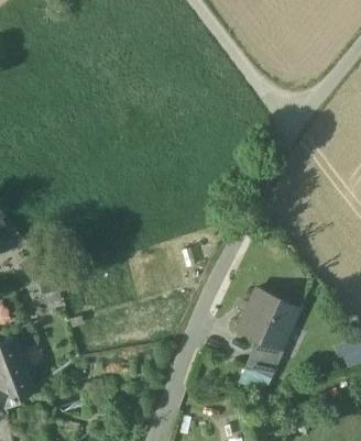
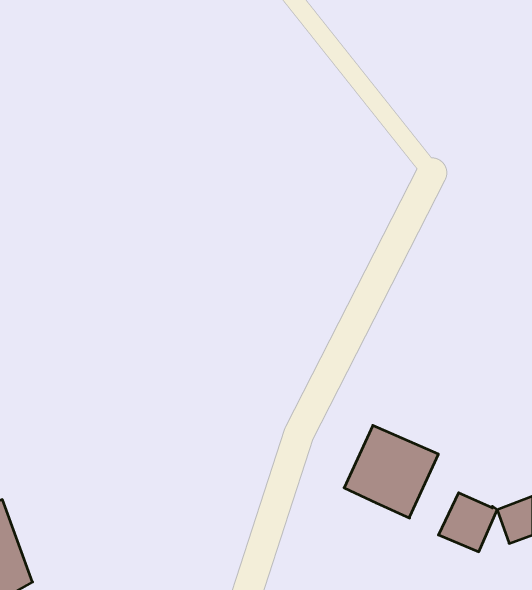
building: [243,340,282,378] -> [438,493,497,552]

